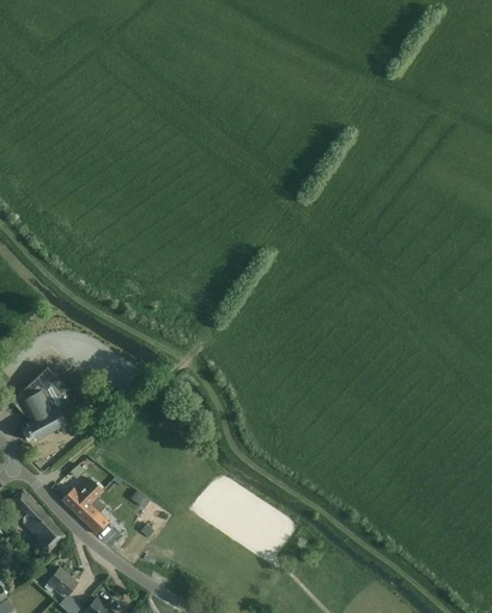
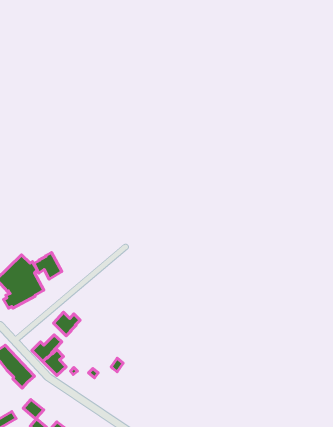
building: none -> [34,253,62,279]
building: none -> [53,312,80,336]

